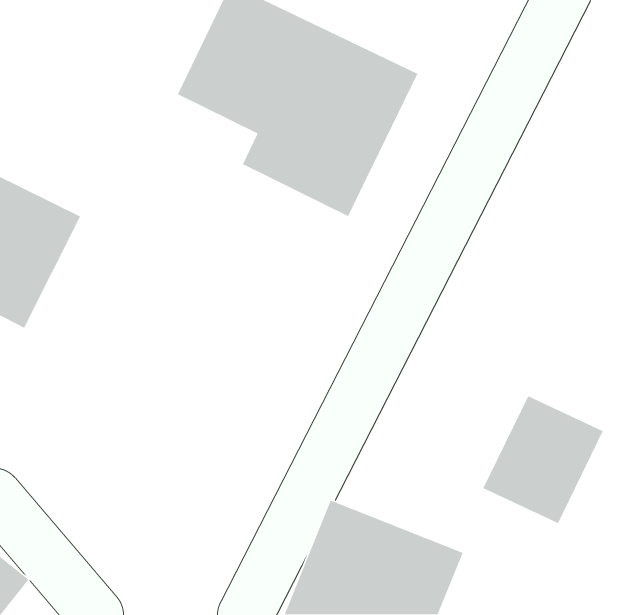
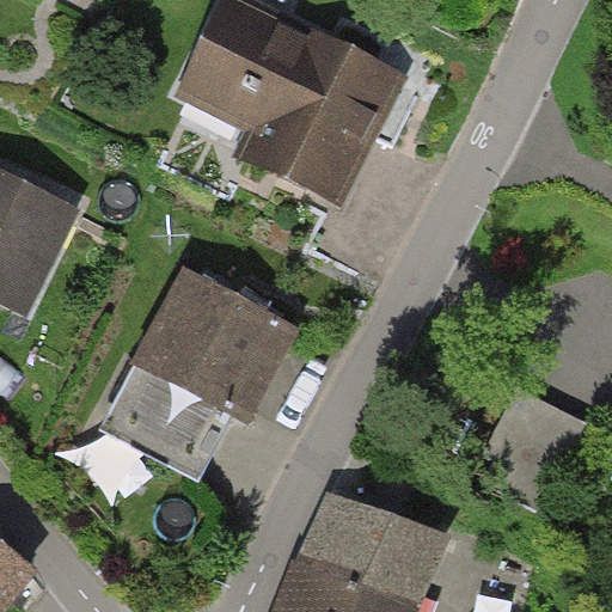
building: none -> [99,267,301,484]

